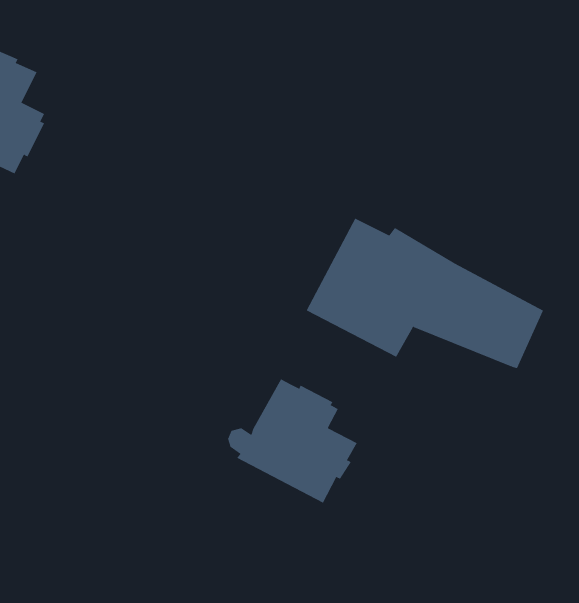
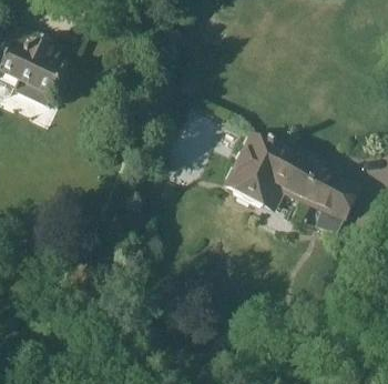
building: [227,379,357,503] -> none

